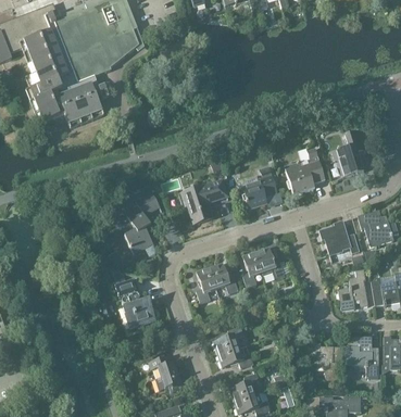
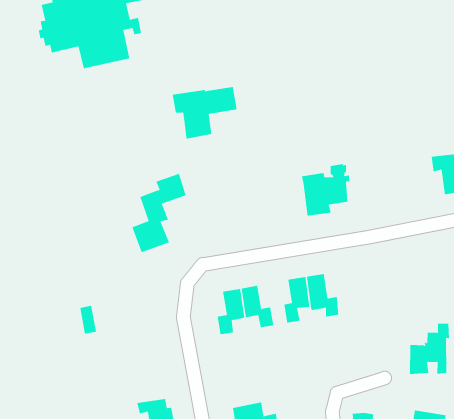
building: [284,149,325,195] -> none
building: [178,180,227,224] -> [172,86,237,139]
building: [318,220,360,257] -> none
building: [115,279,154,328] -> none
building: [213,326,243,355] -> none

